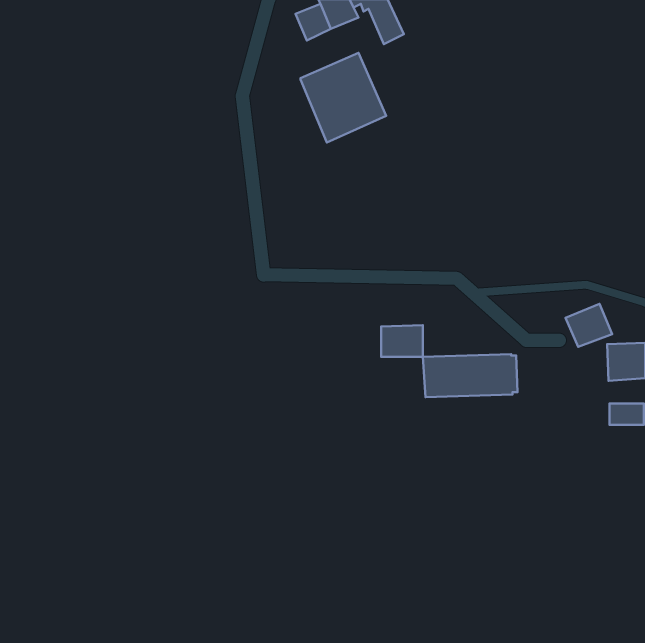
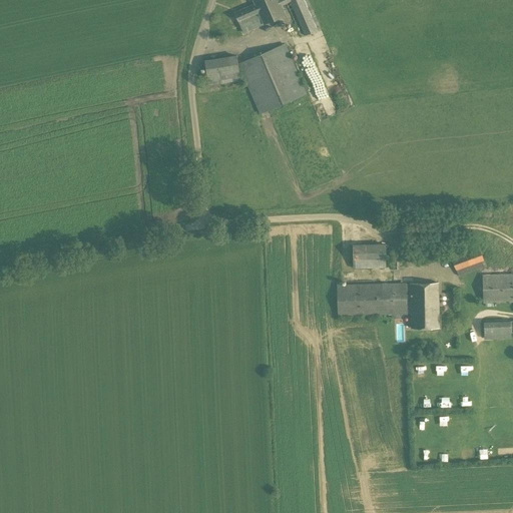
building: none -> [204,55,240,84]
building: [381,325,423,357] -> [353,242,386,268]
building: none -> [410,282,439,327]

